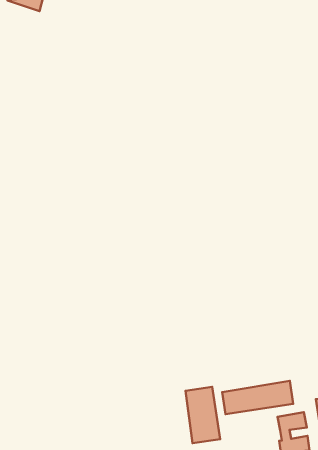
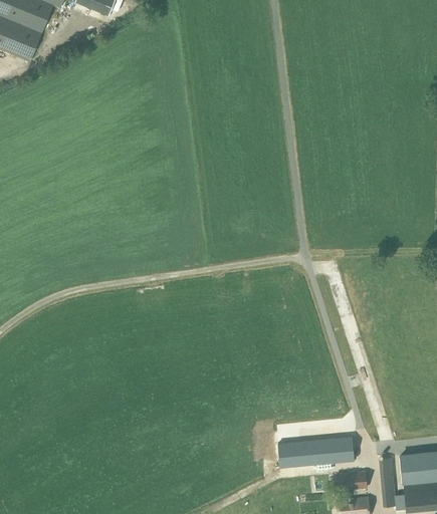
building: [186,387,220,443] -> none

